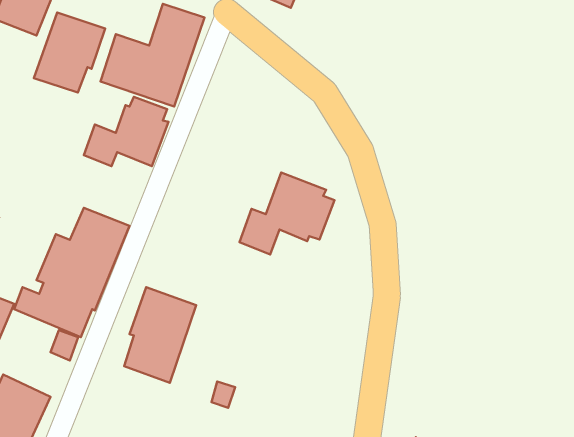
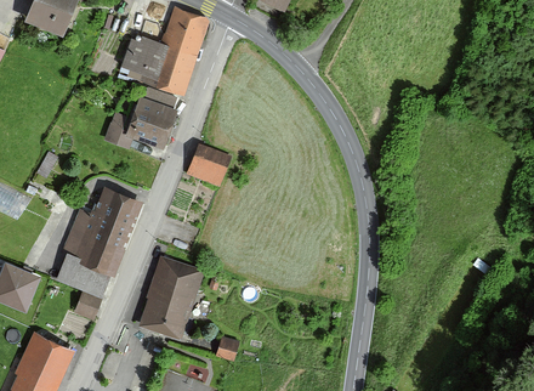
building: [34,13,105,93] -> none
building: none -> [186,143,231,187]
building: [239,172,335,255] -> none

